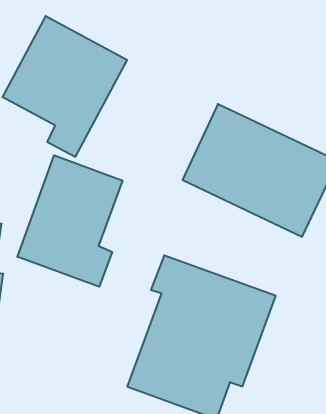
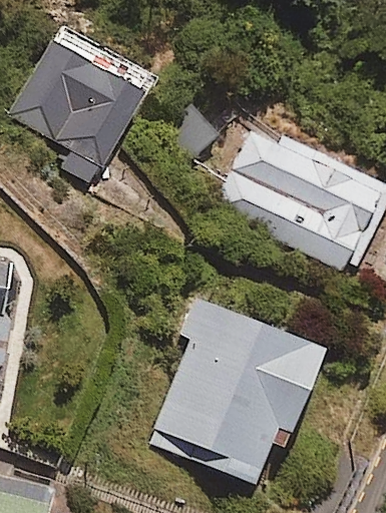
building: [17,155,122,287] -> none

